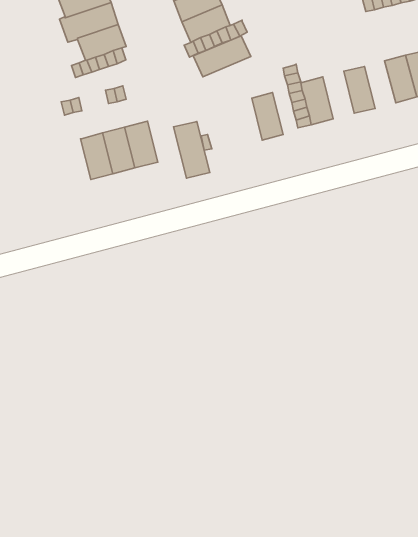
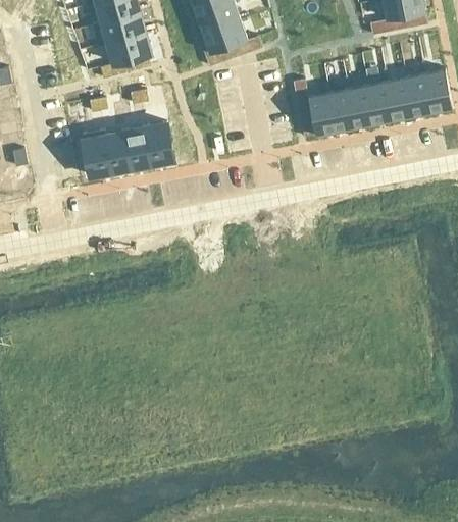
building: [193,36,251,77] -> none
building: none -> [366,79,393,121]
building: [252,93,283,140] -> [327,86,354,128]
building: [174,121,210,178] -> none
building: none -> [81,127,110,174]

